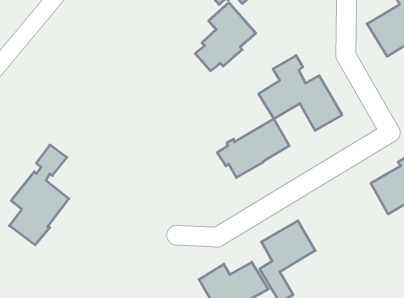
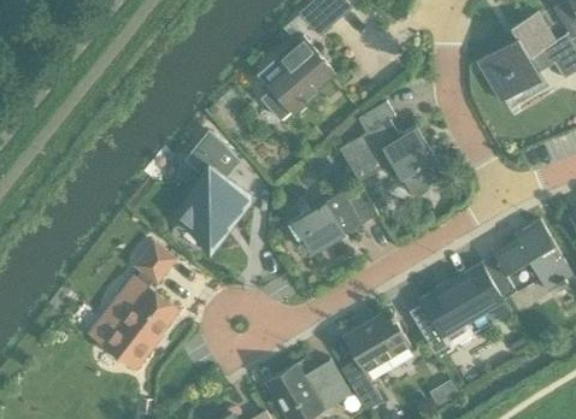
building: none -> [181,132,252,246]
building: [9,145,69,245] -> [102,243,177,368]
building: none -> [407,262,504,346]

